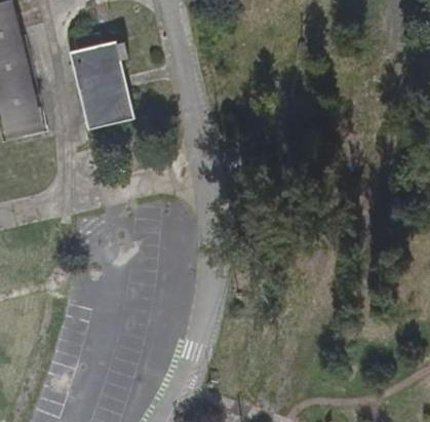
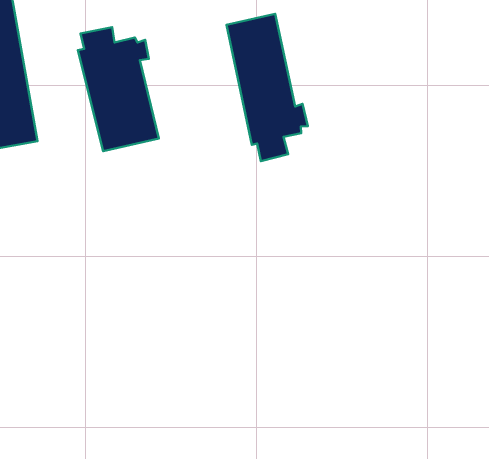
building: none -> [226,14,308,161]

